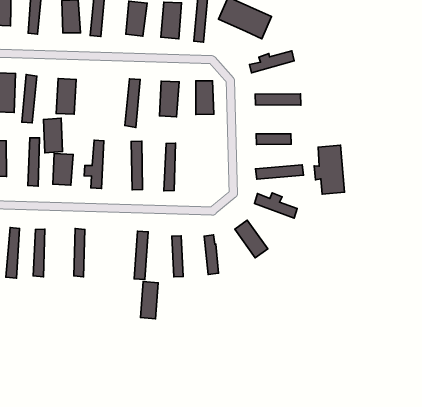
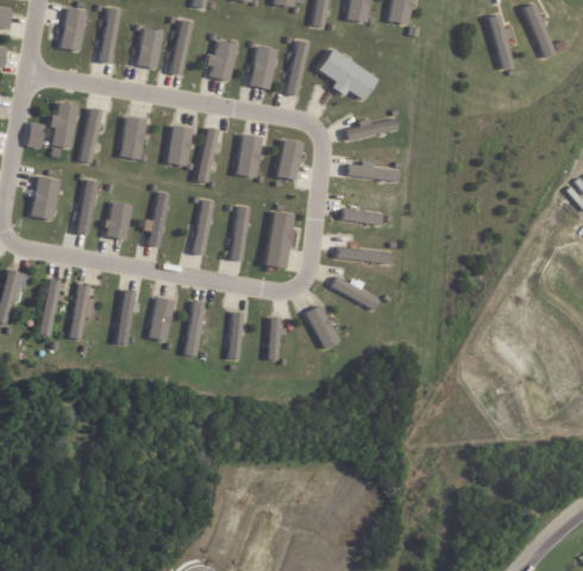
building: [44,118,62,153] -> [165,126,189,165]
building: none -> [264,212,290,268]
building: [314,145,344,194] -> none
building: [141,282,158,319] -> [148,297,173,341]

